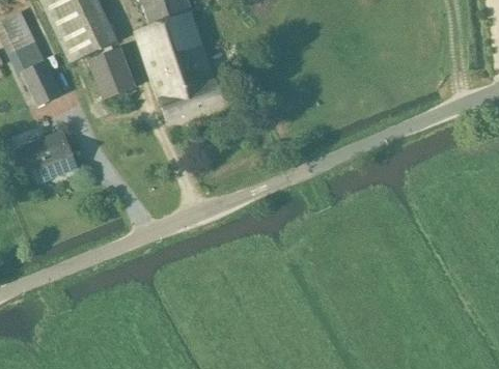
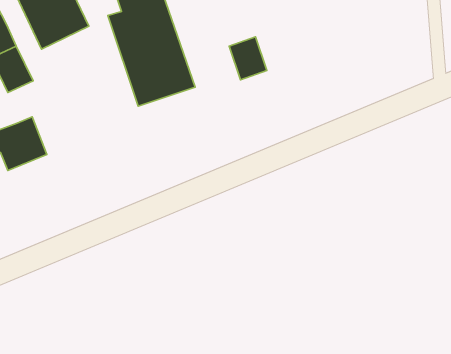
building: [88,47,136,97] -> none
building: none -> [229,37,267,80]

